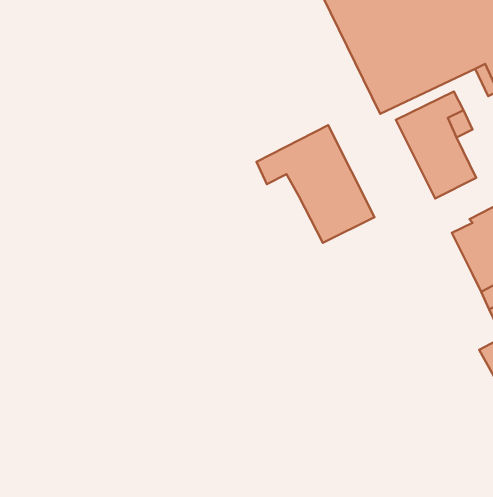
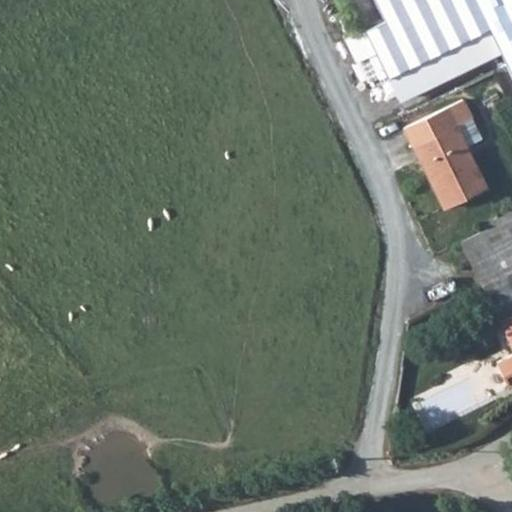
building: [256,125,374,243] -> none

